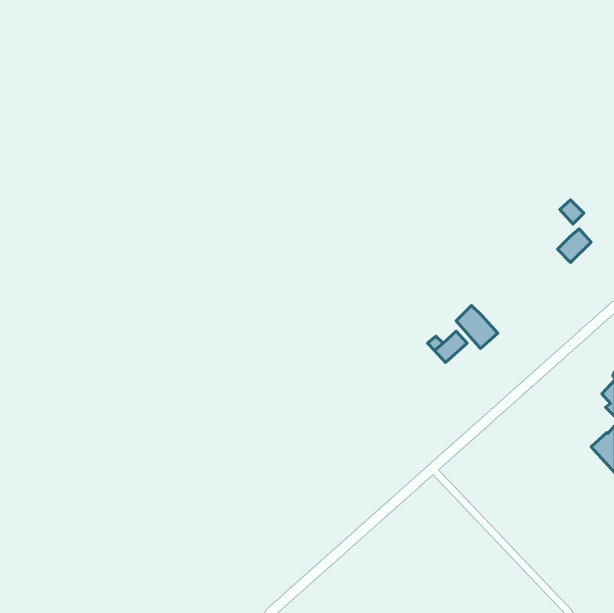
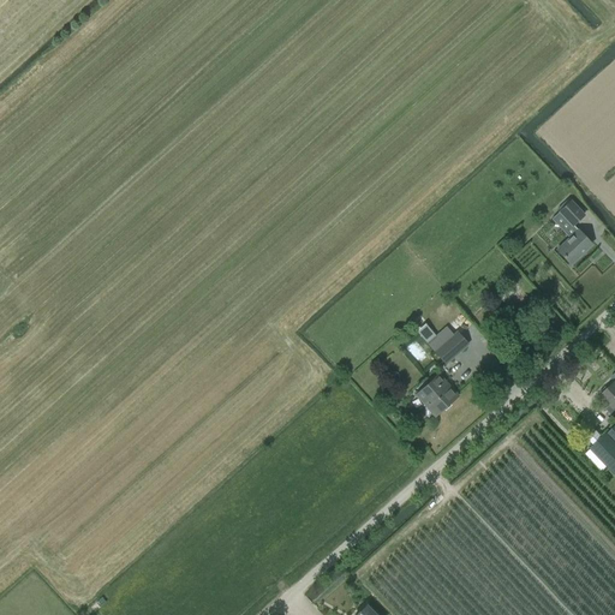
building: [456,305,498,348] -> none
building: none -> [422,374,458,413]

